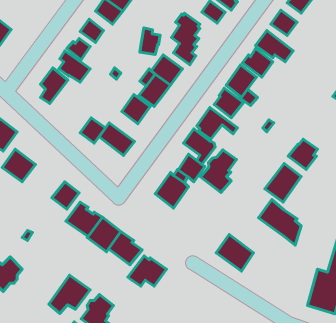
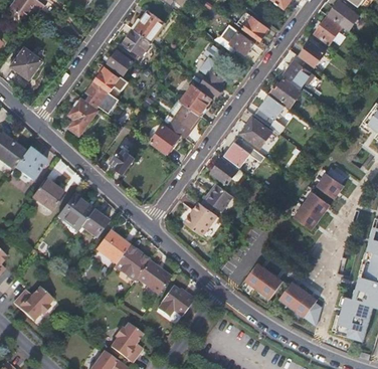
building: [140,28,160,54] -> none
building: [99,123,135,155] -> none
building: [201,150,236,193] -> none
building: none -> [58,194,94,230]
building: [259,200,301,245] -> [278,281,321,326]
building: [49,275,90,313] -> none

